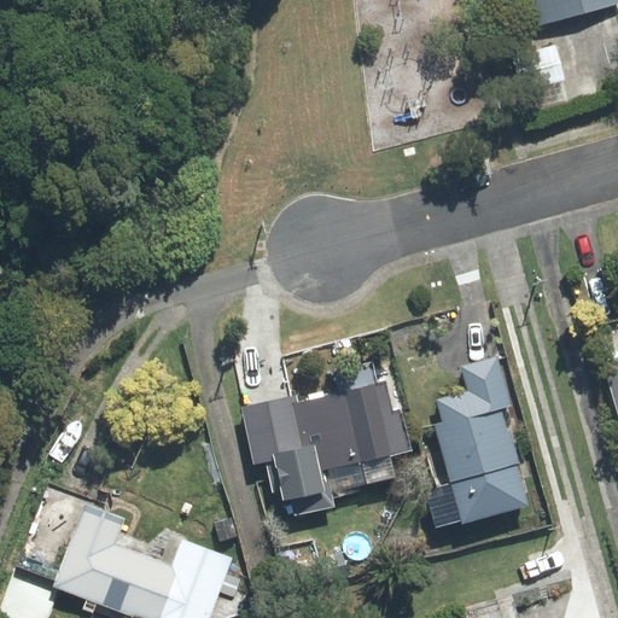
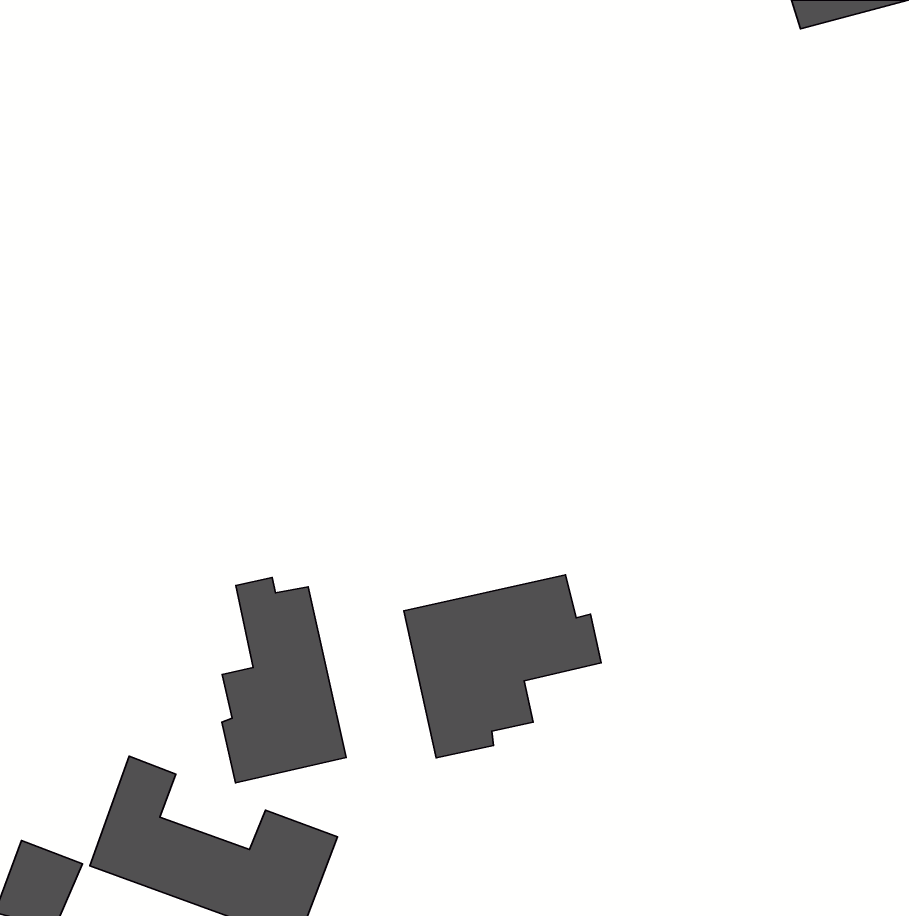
building: [438,360,523,518] -> none
building: none -> [222,577,346,783]

